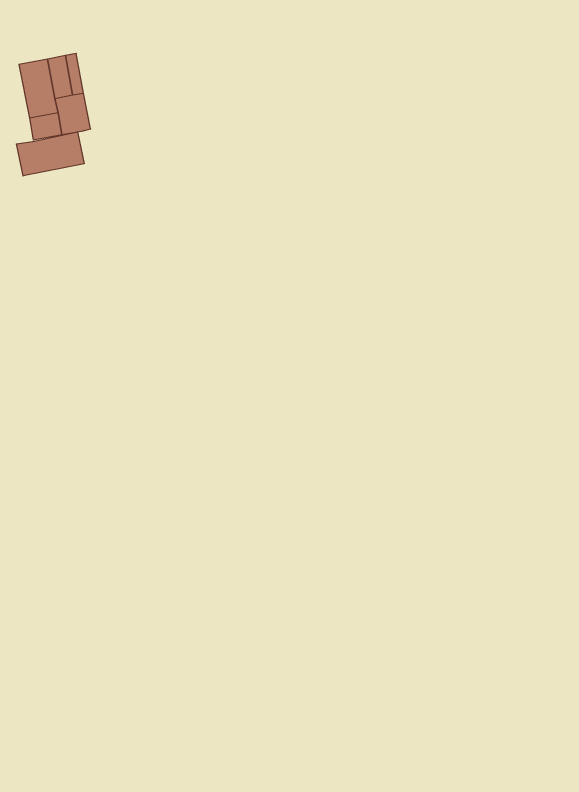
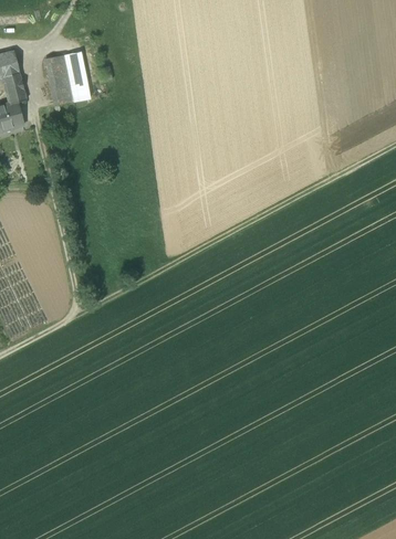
building: [16,132,84,176] -> none

